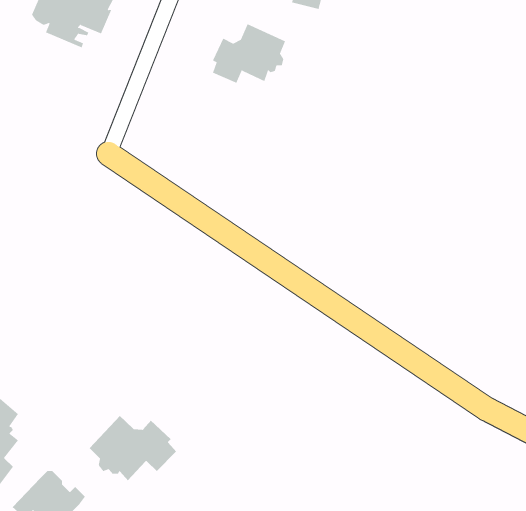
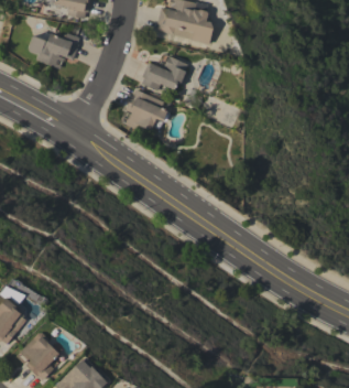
building: none -> [120,89,170,131]
building: [89,415,177,481] -> none

